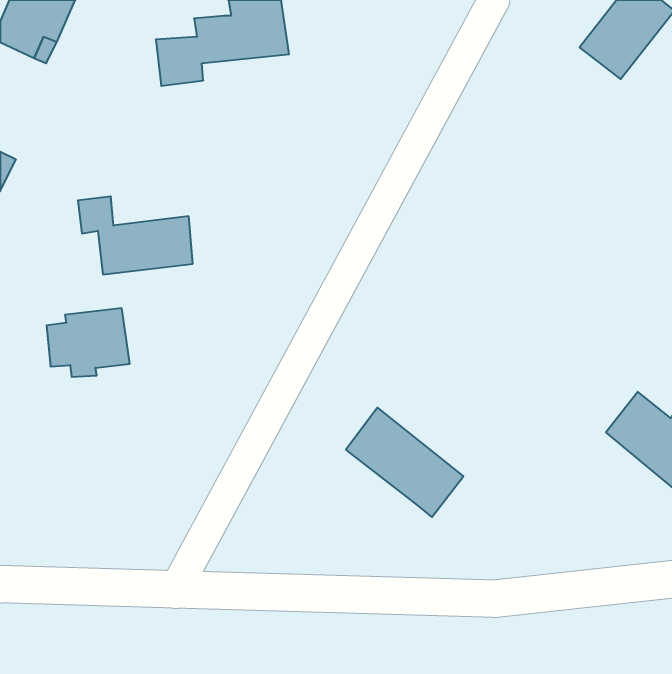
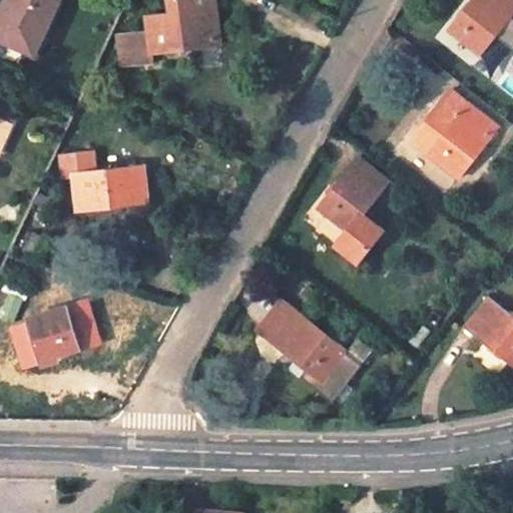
building: none -> [411,87,500,178]
building: none -> [311,159,383,271]
building: [47,308,130,377] -> [17,305,80,357]

